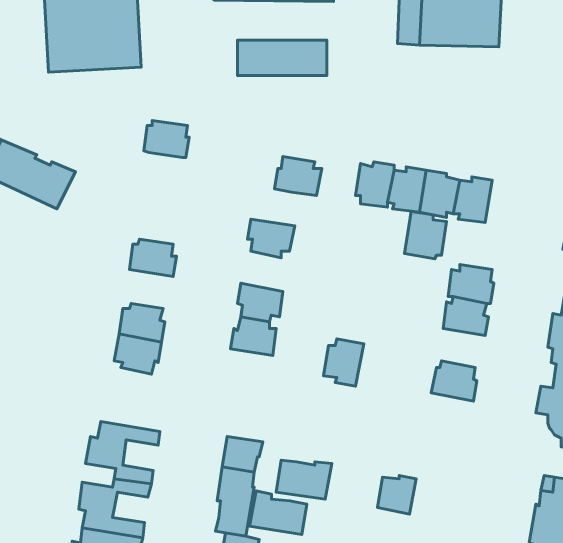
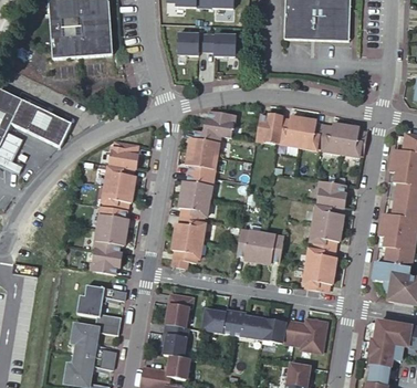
building: [144,120,189,158] -> [110,144,139,168]
building: none -> [186,130,217,156]
building: [404,211,447,259] -> [340,126,367,157]
building: none -> [179,172,210,199]
building: none -> [103,185,135,210]
building: none -> [309,223,340,249]
building: none -> [254,233,280,263]
building: none -> [170,237,200,262]
building: none -> [93,248,124,274]
building: none -> [301,265,332,291]
building: none -> [290,318,327,354]
building: [250,491,307,535] -> [234,312,272,340]

